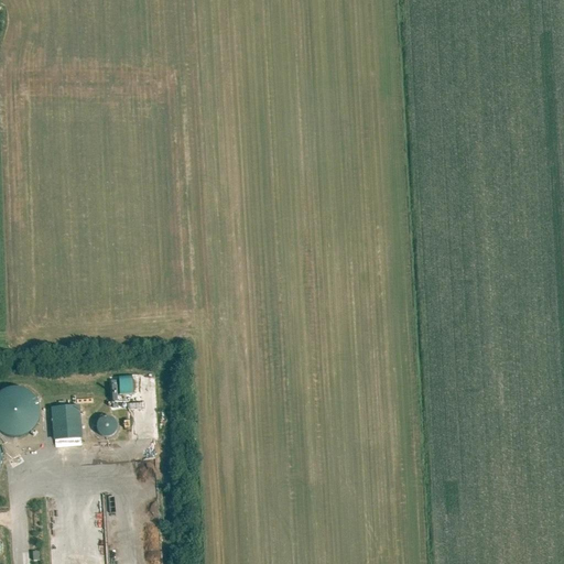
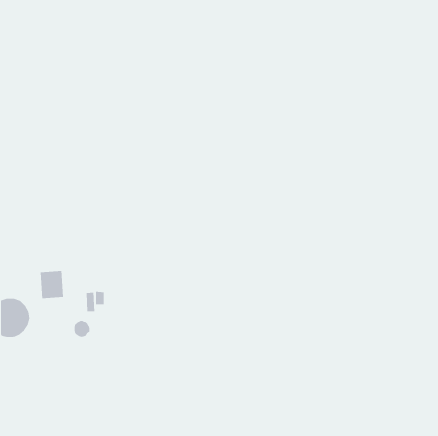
building: [50,403,80,440] -> [40,270,64,299]

